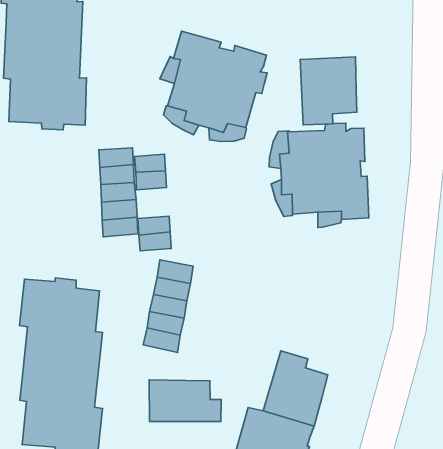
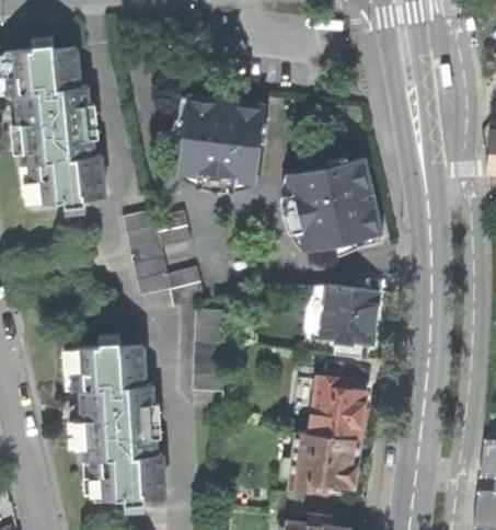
building: [300,57,357,125] -> none
building: none -> [322,285,379,357]
building: [149,380,221,422] -> none

